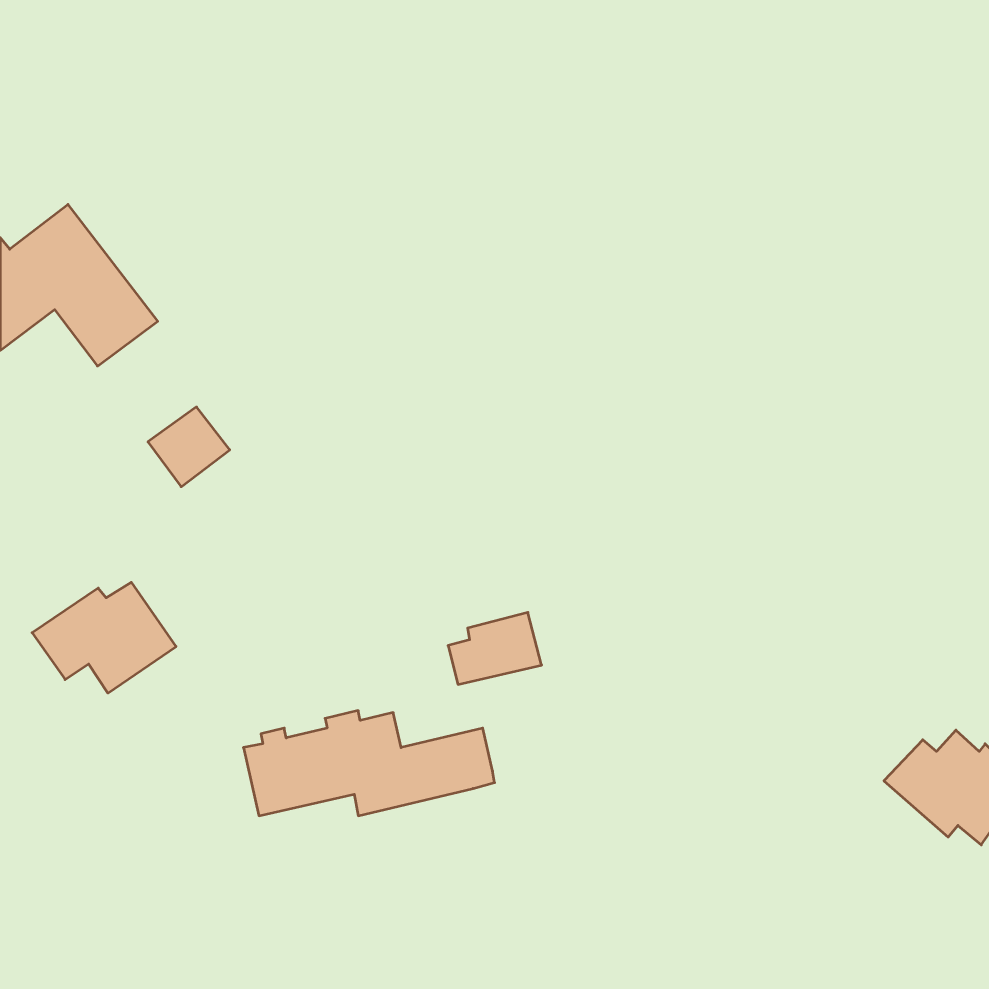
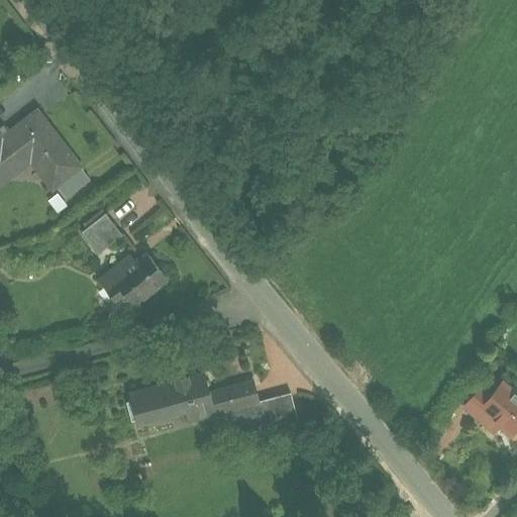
building: [32,582,176,693] -> [94,251,169,309]
building: [448,612,542,684] -> [248,395,297,432]

